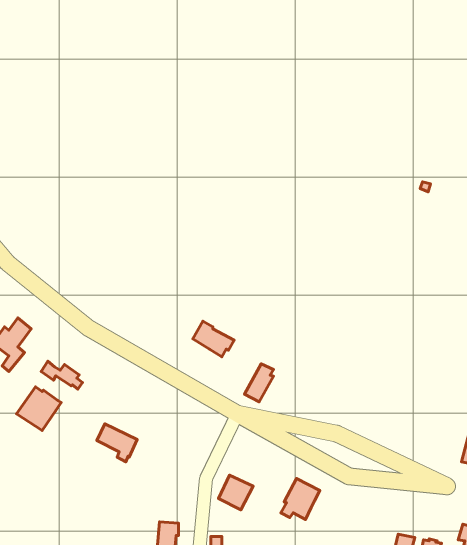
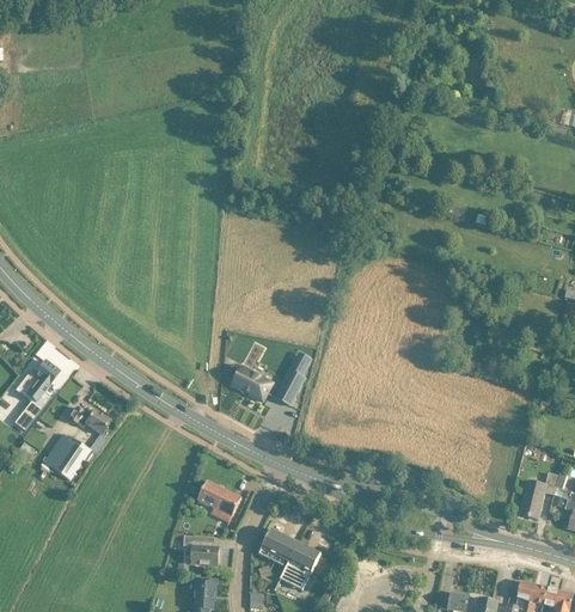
building: [245,364,274,402] -> [274,365,305,405]
building: [97,424,137,462] -> [197,481,240,521]
building: [281,478,320,520] -> [279,540,320,585]
building: none -> [183,536,218,565]

